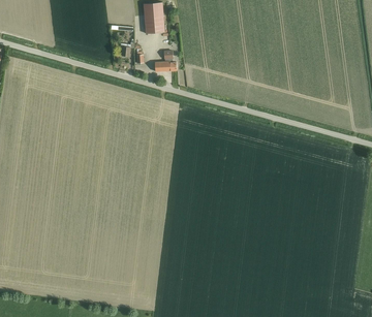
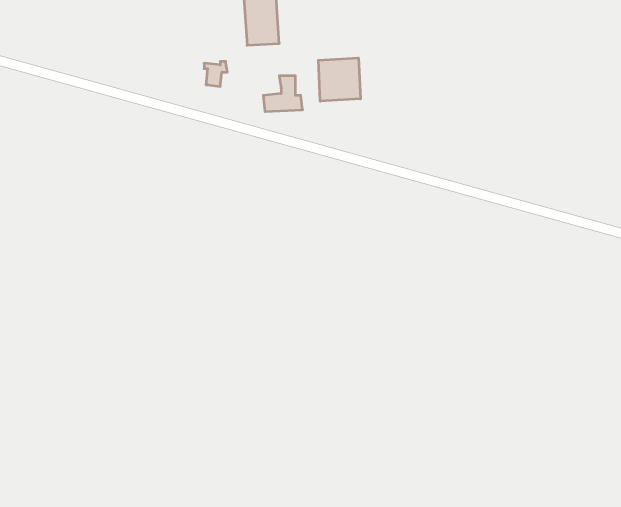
building: none -> [318,58,360,101]

